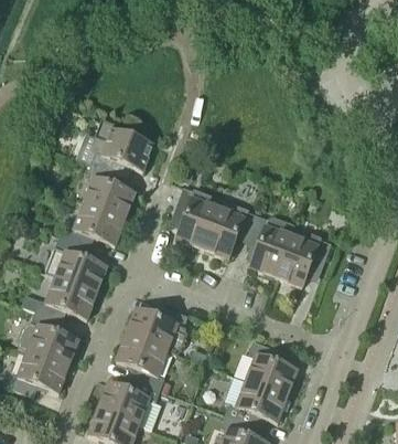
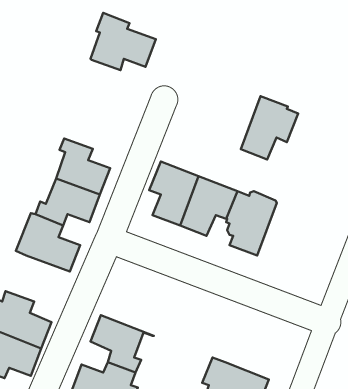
building: [89,119,152,175] -> [90,13,156,70]
building: [276,226,331,287] -> [241,96,298,159]
building: [34,277,96,321] -> none
building: [126,306,187,355] -> none
building: [245,341,297,397] -> none

